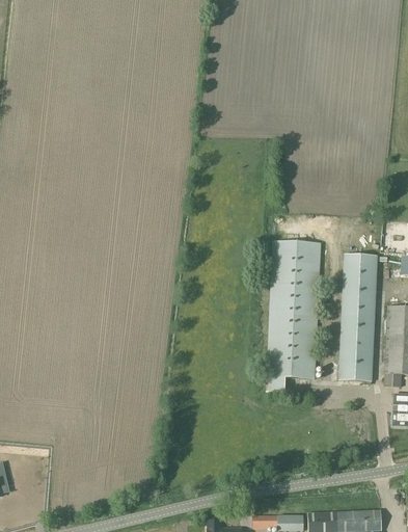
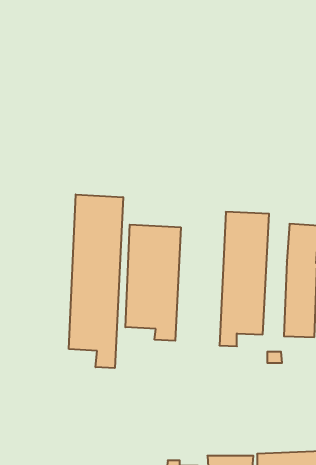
building: none -> [69,194,123,368]
building: none -> [125,225,181,341]

